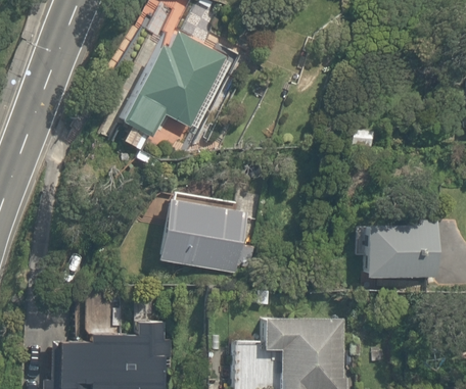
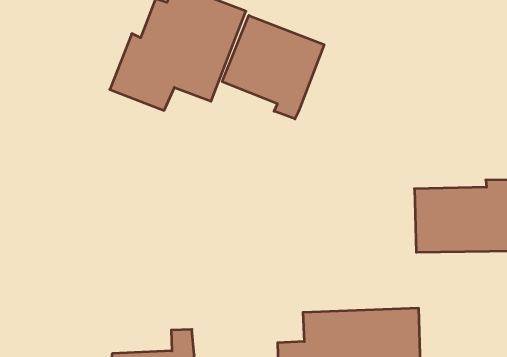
building: none -> [222,15,324,119]
building: [152,196,257,278] -> none

